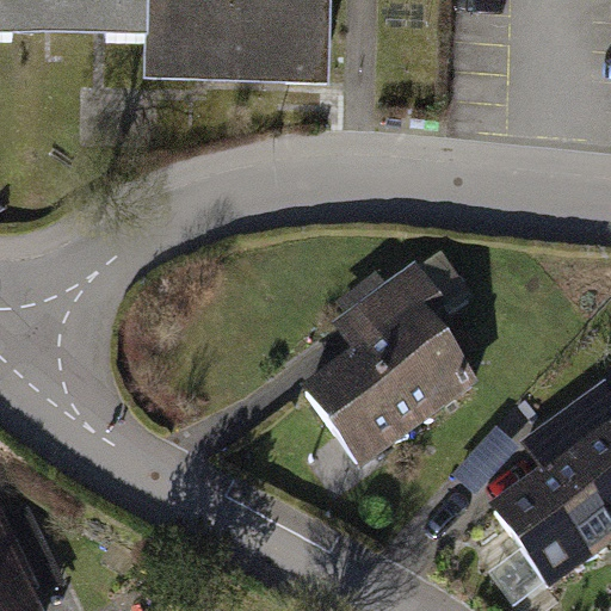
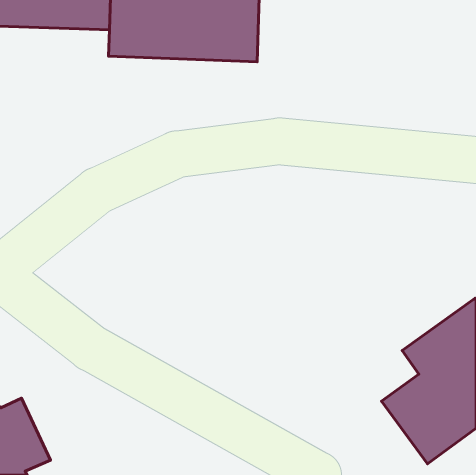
building: [303,239,477,469] -> none

